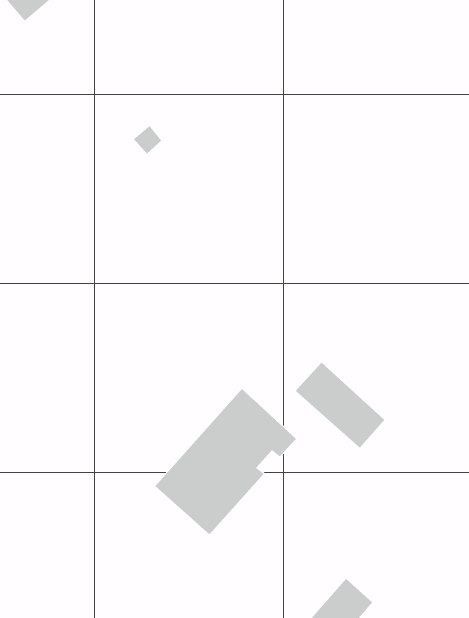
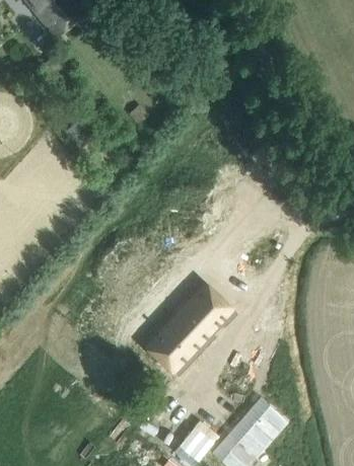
building: [295,362,385,449] -> none

